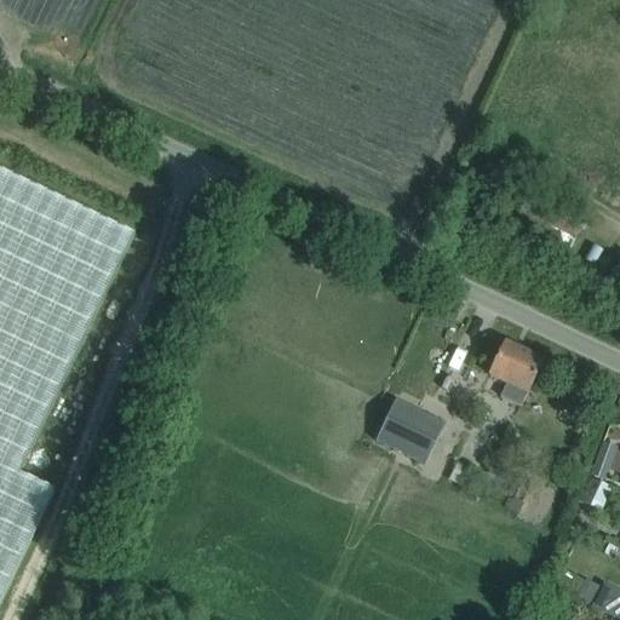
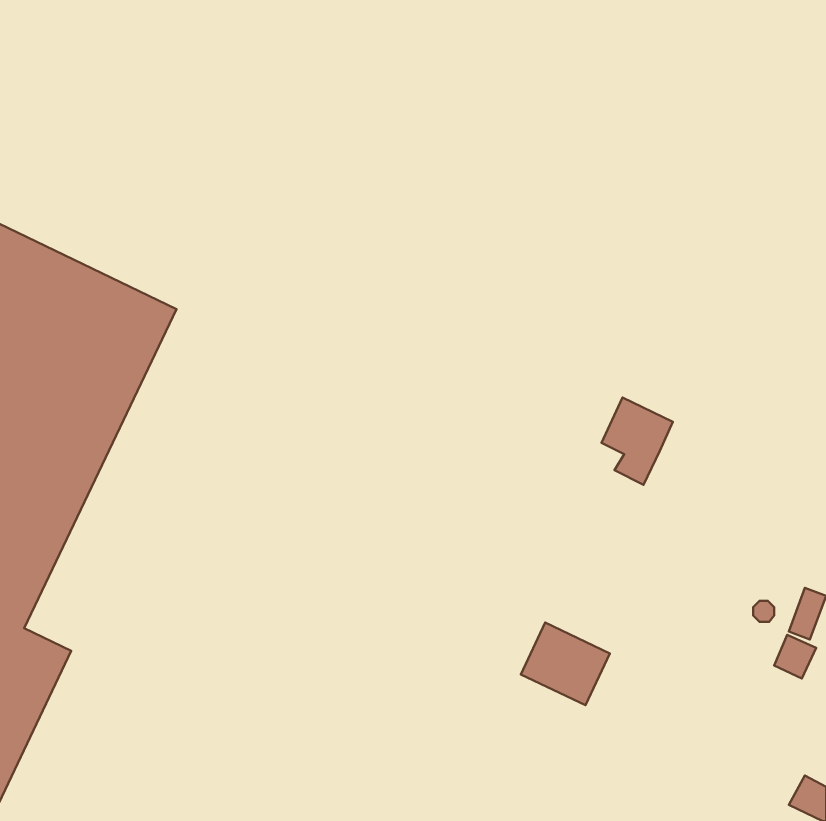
building: [488,338,541,403] -> [601,397,673,485]
building: [378,398,444,460] -> [521,623,610,705]

